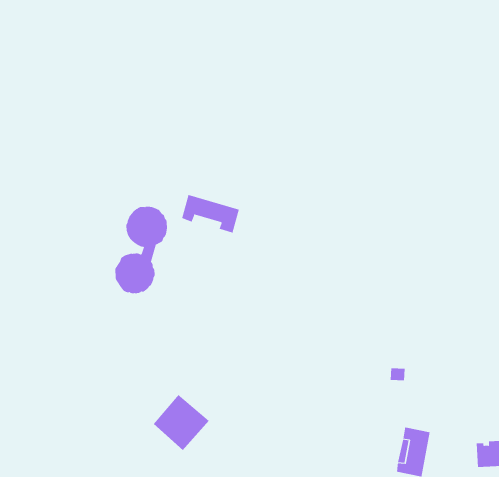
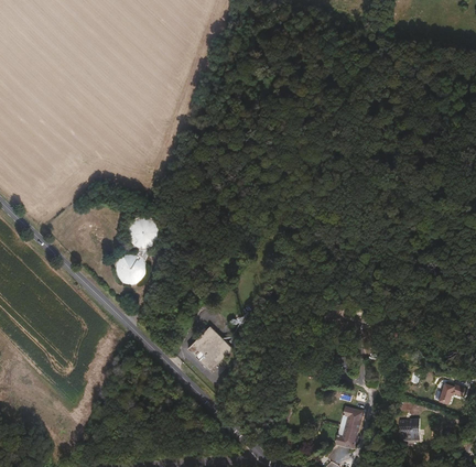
building: [181,194,240,233] -> none
building: [153,394,209,451] -> [187,328,234,374]

